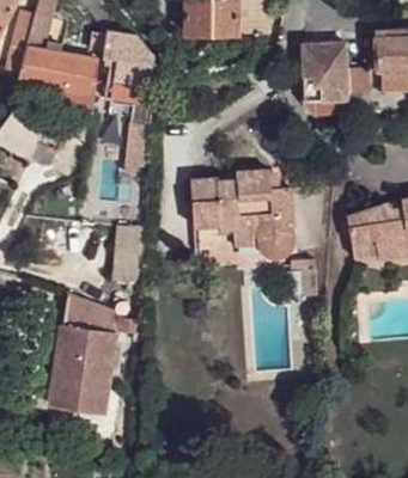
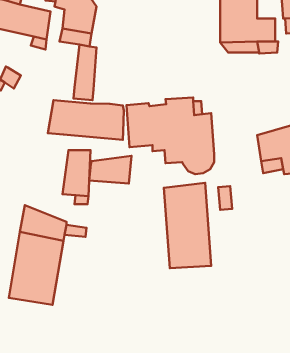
building: none -> [48,100,124,140]
building: none -> [89,156,131,183]
building: none -> [164,183,211,268]

